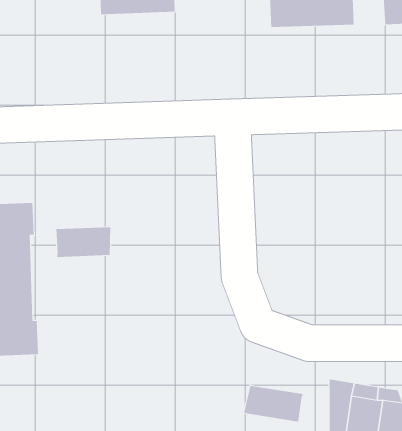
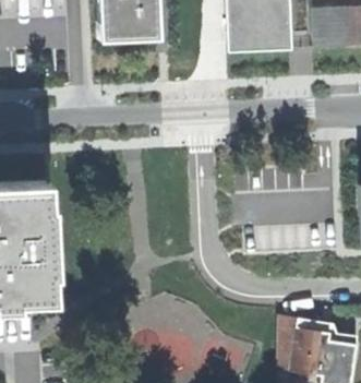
building: [56,227,111,258] -> none
building: [244,385,304,423] -> none

